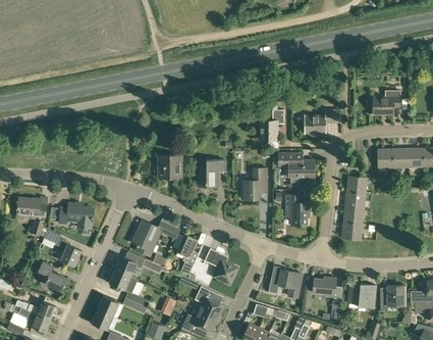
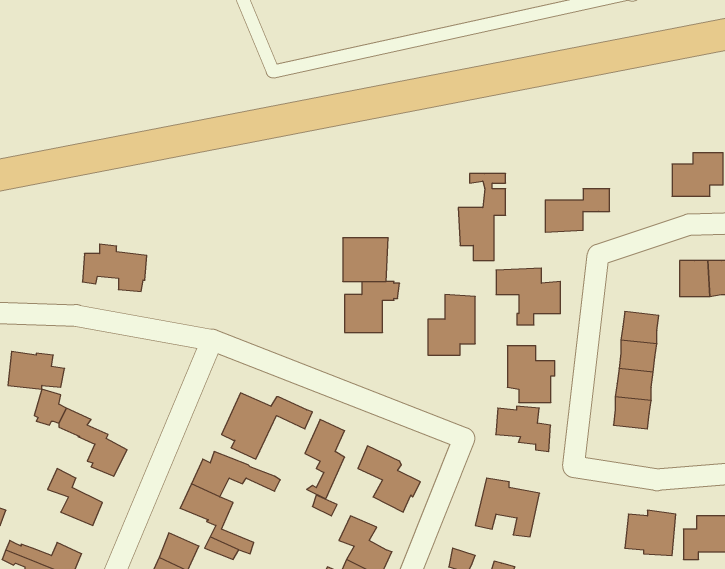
building: [158,154,182,178] -> [343,238,388,281]
building: [59,202,94,228] -> [82,244,147,291]
building: [313,277,342,301] -> [496,406,551,452]

